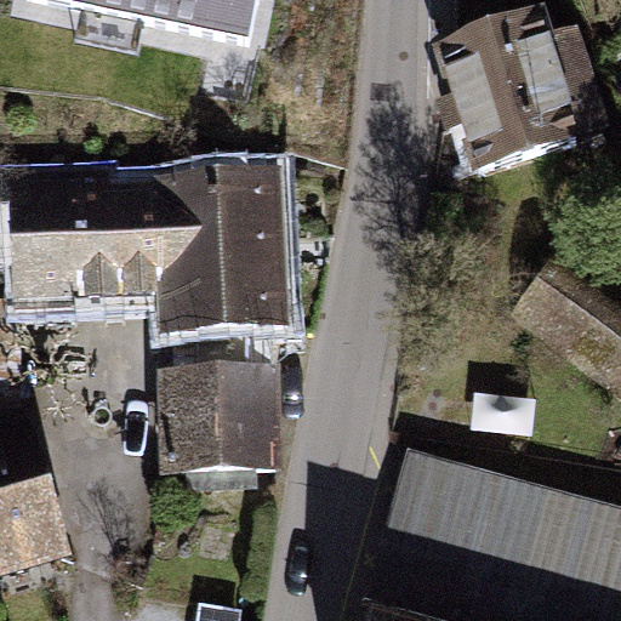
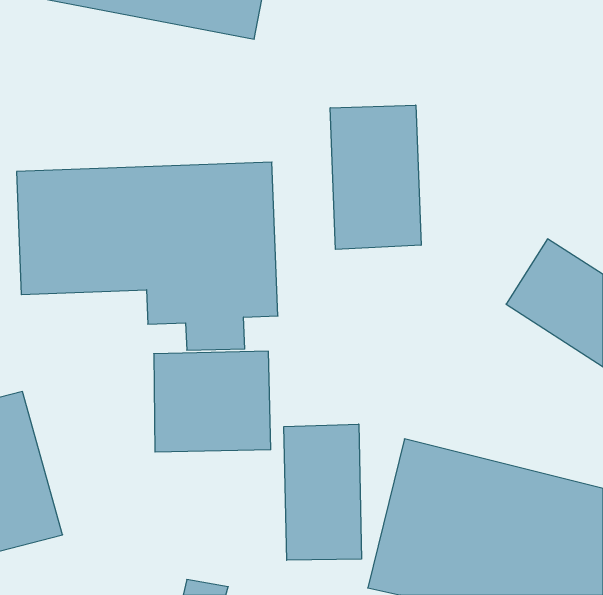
building: [449,15,599,180] -> none
building: none -> [330,105,421,249]
building: none -> [284,424,361,560]

